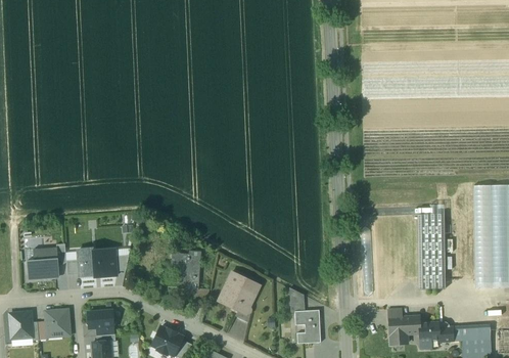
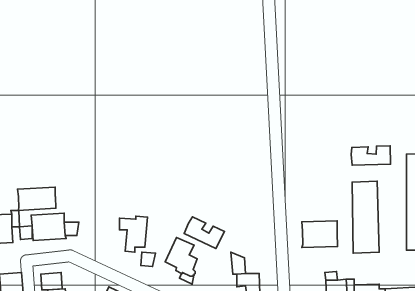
building: none -> [351,146,390,165]
building: none -> [17,187,56,210]
building: none -> [184,217,224,249]
building: none -> [302,221,337,248]

